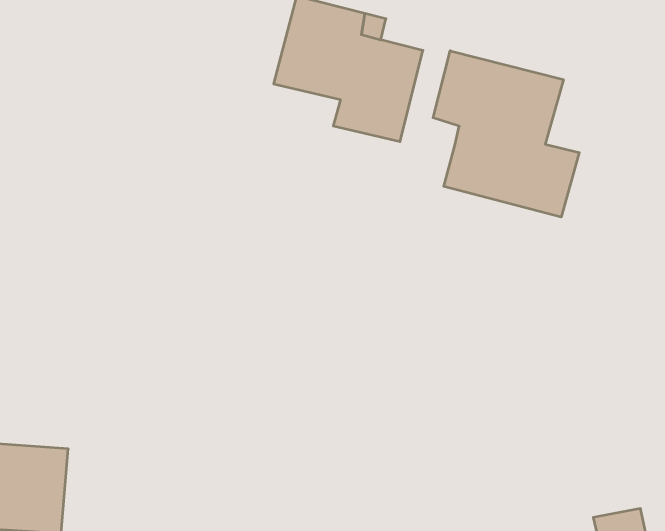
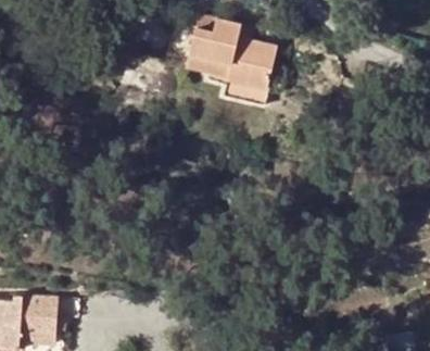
building: [433,51,579,217] -> none

